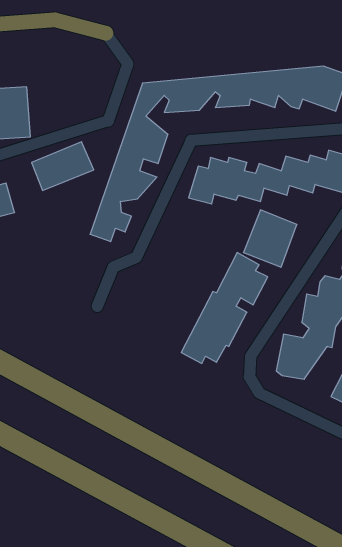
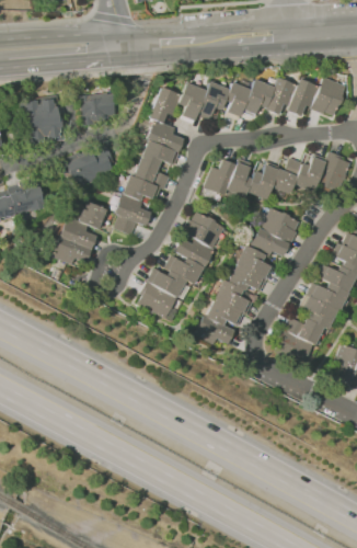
building: none -> [79,91,117,124]
building: none -> [53,201,107,267]
building: none -> [137,210,224,318]

